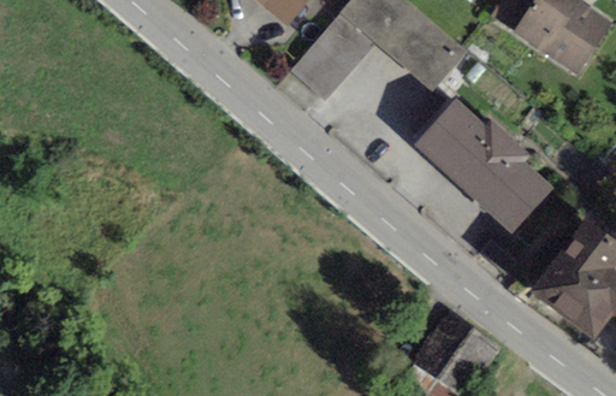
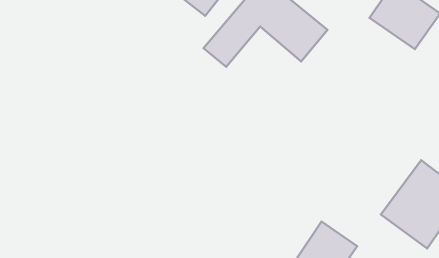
building: [416,102,553,230] -> none

